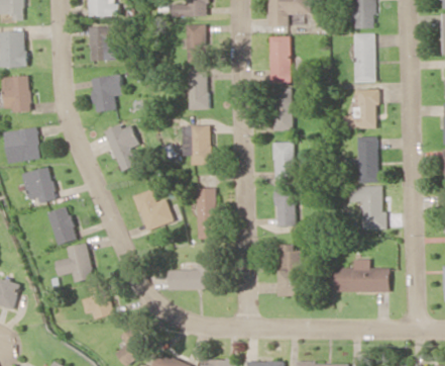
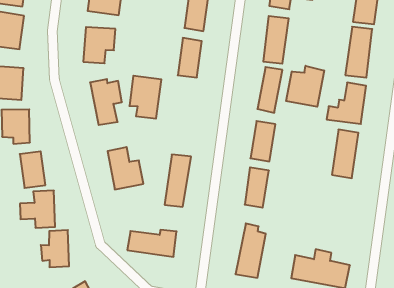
building: none -> [286,66,324,107]
building: [182,125,211,166] -> [129,76,161,119]
building: [347,186,385,231] -> none

